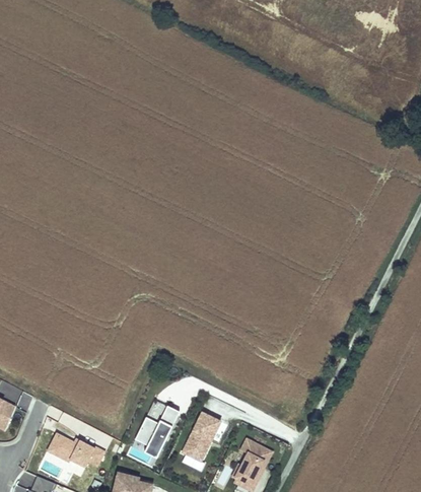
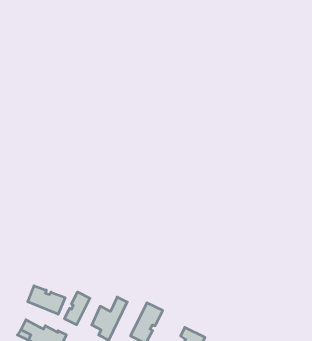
building: none -> [28,286,65,314]
building: none -> [65,292,90,325]

